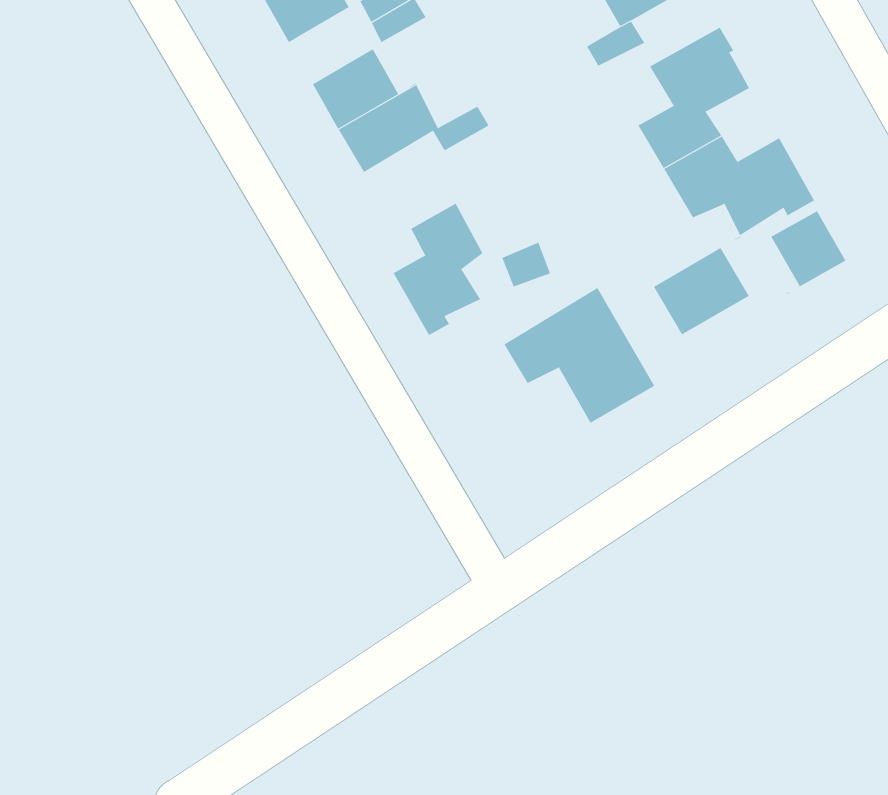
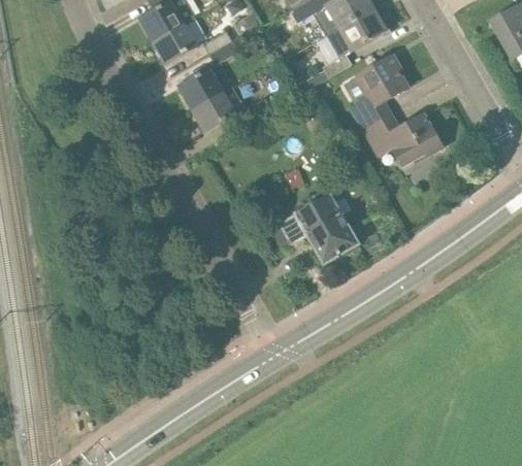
building: [393,203,483,336] -> none
building: [771,210,846,295] -> none
building: [653,236,750,335] -> none

